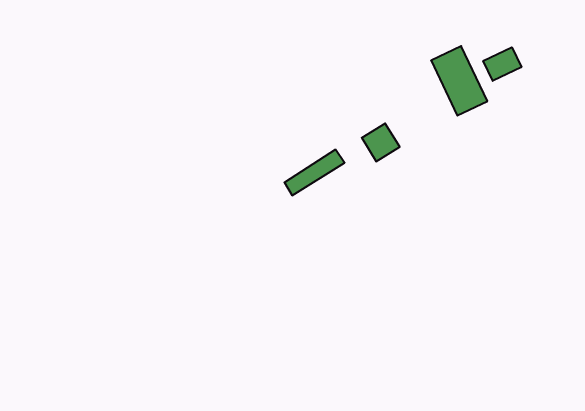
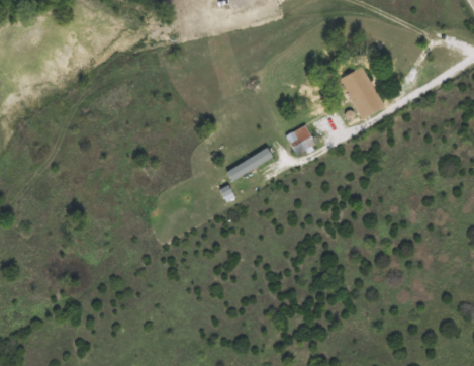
building: [483,47,521,81] -> none

